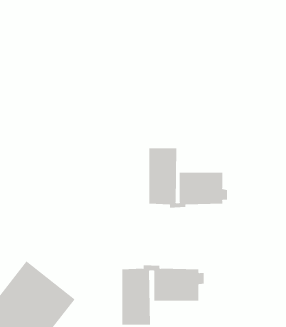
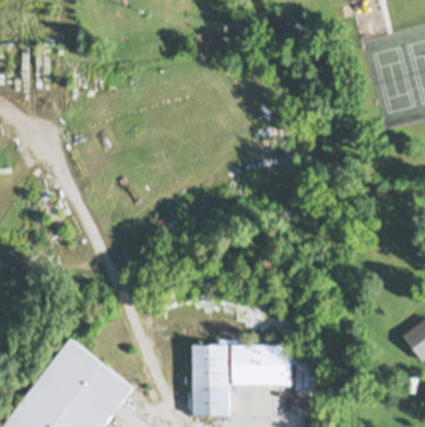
building: [149,148,228,208] -> none

